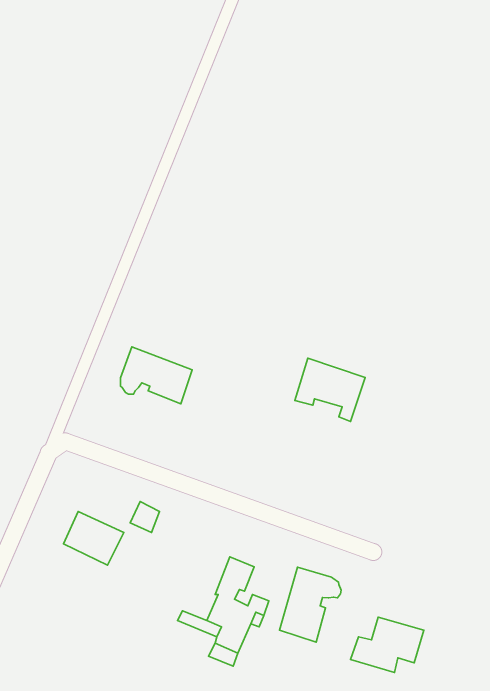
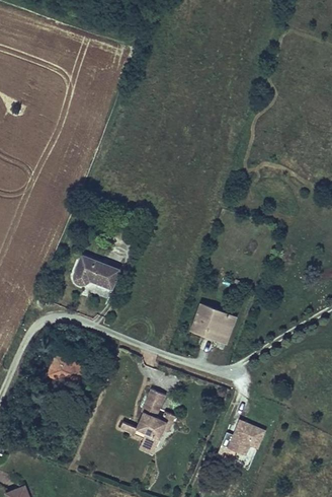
building: [295,358,365,422] -> [193,307,237,347]
building: [279,567,341,642] -> none

